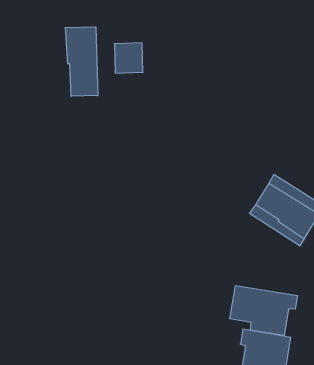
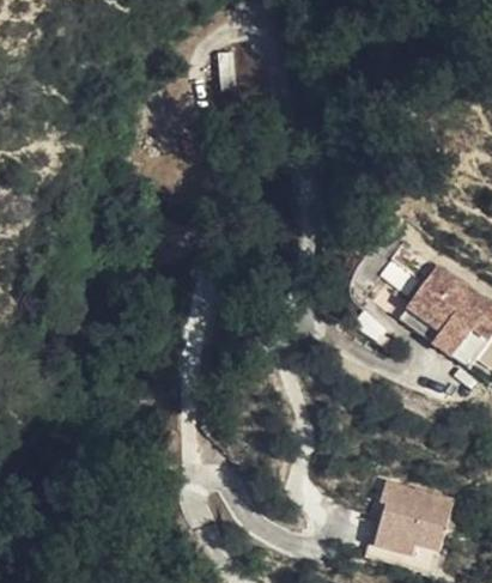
building: [65,27,98,96] -> none
building: [230,286,298,335] -> none

